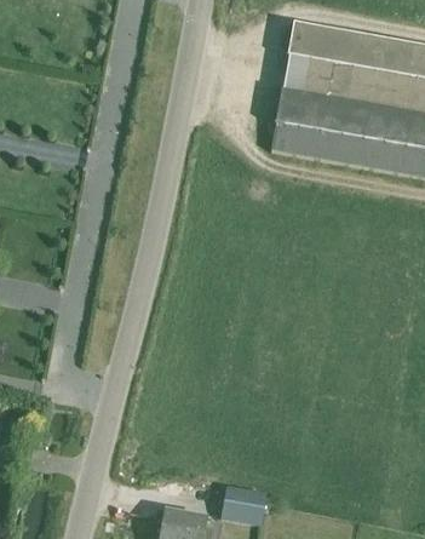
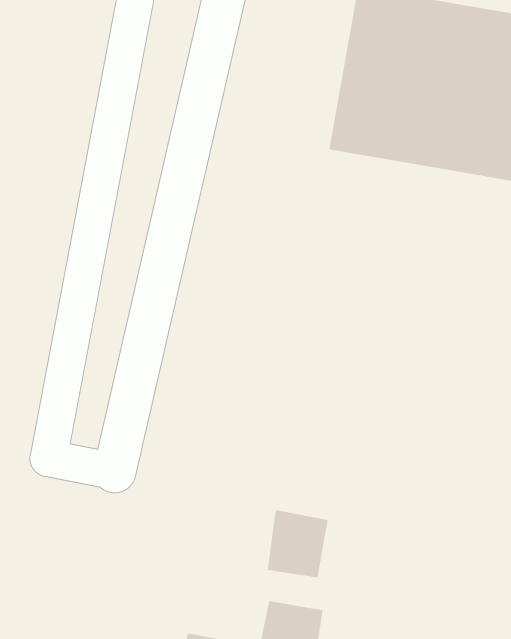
building: none -> [267,510,328,578]

